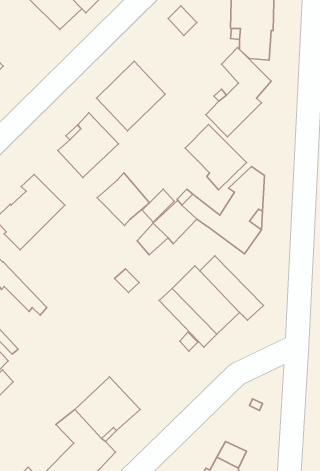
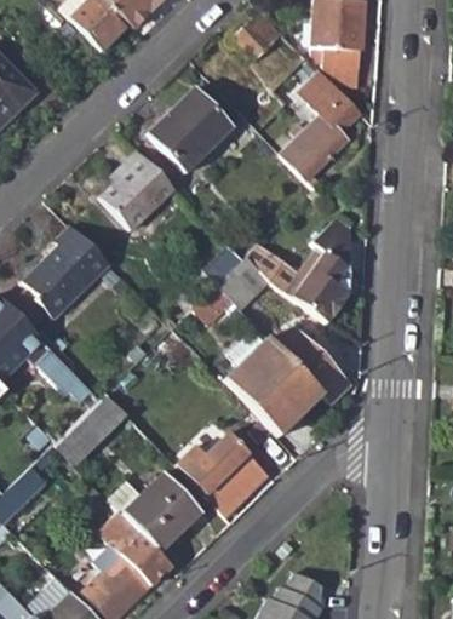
building: [185,124,247,190] -> none
building: [97,173,149,226] -> none
building: none -> [55,392,126,464]
building: none -> [179,424,269,517]

